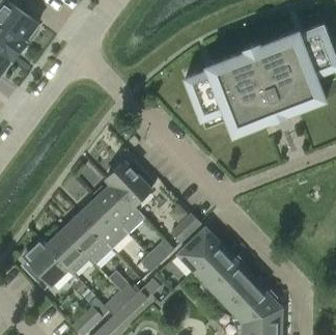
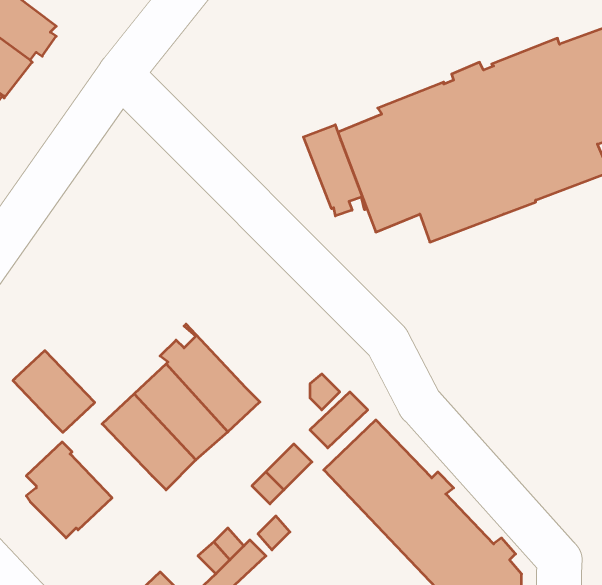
building: none -> [303,125,367,216]
building: [106,162,155,212] -> none
building: [46,230,88,273] -> [13,351,95,432]

